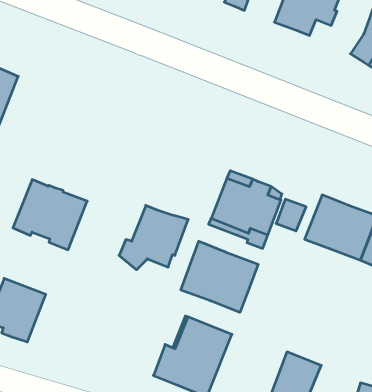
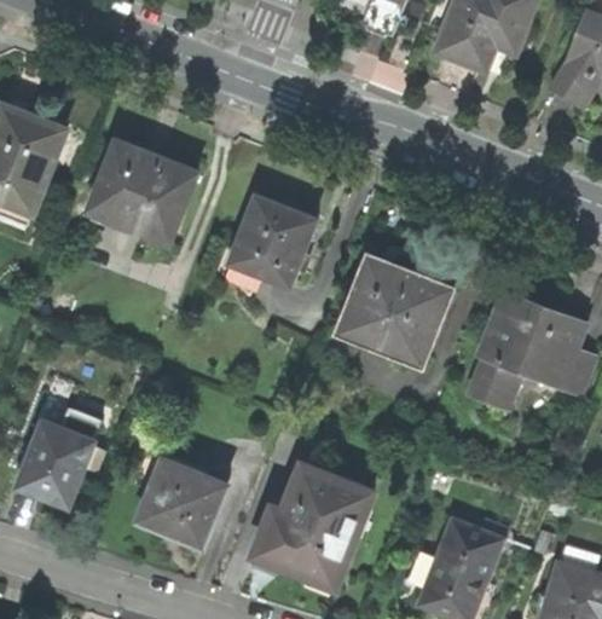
building: [13,180,87,250] -> [88,135,196,237]
building: [276,199,306,231] -> [471,363,515,409]
building: [119,205,188,270] -> [216,192,317,285]
building: [181,241,258,312] -> none
building: none -> [139,456,226,540]

